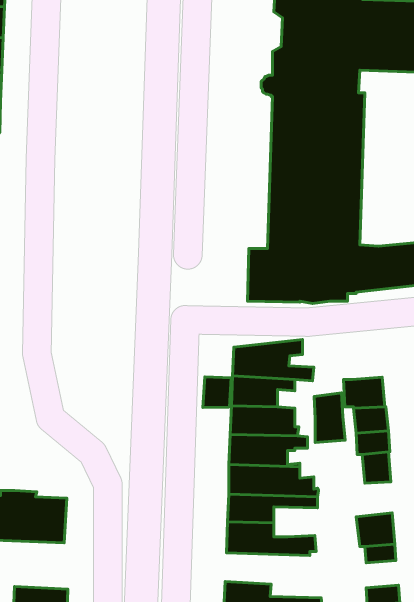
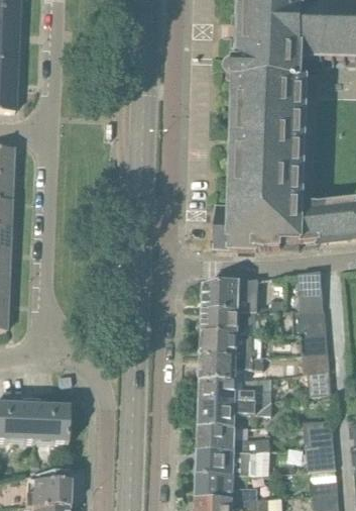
building: [203,377,231,407] -> none
building: [314,393,345,443] -> [299,270,324,310]
building: none -> [197,450,265,476]

